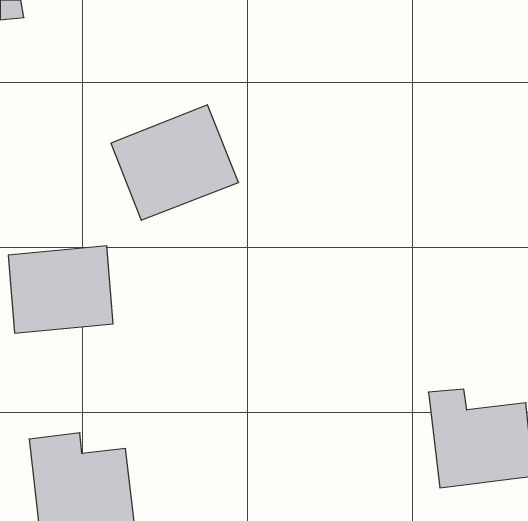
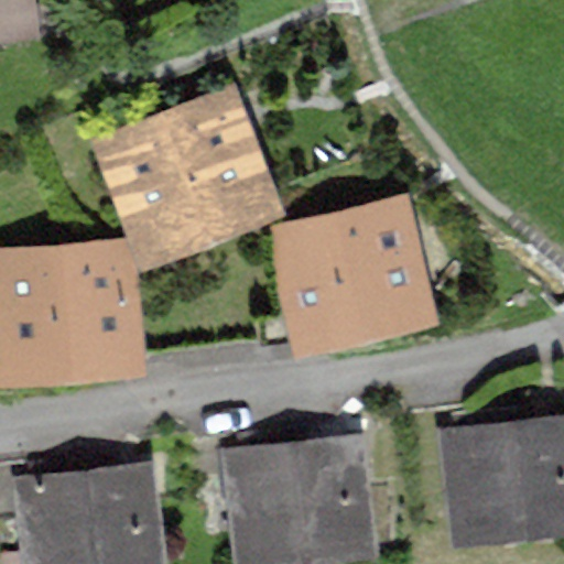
building: none -> [290,226,411,330]
building: none -> [221,443,355,553]

